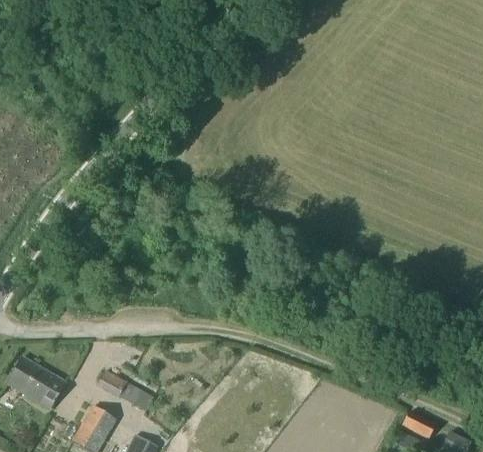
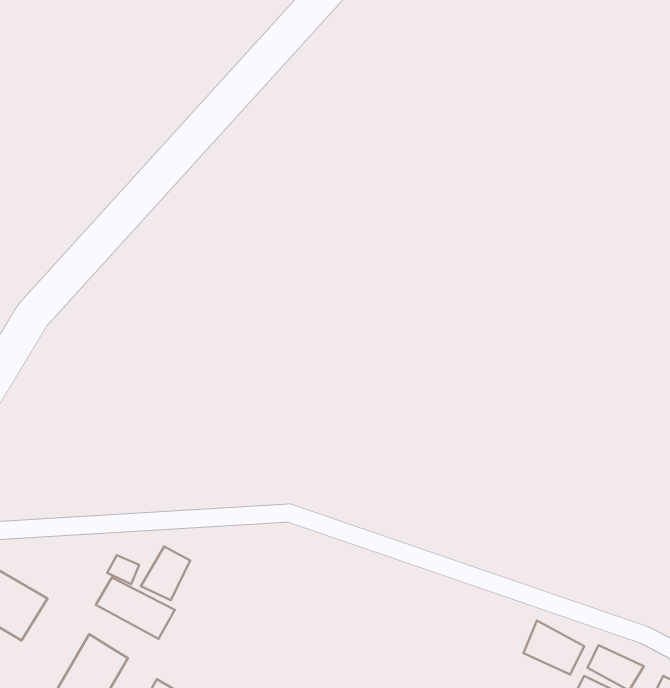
building: none -> [141,546,190,600]
building: none -> [523,621,584,674]

